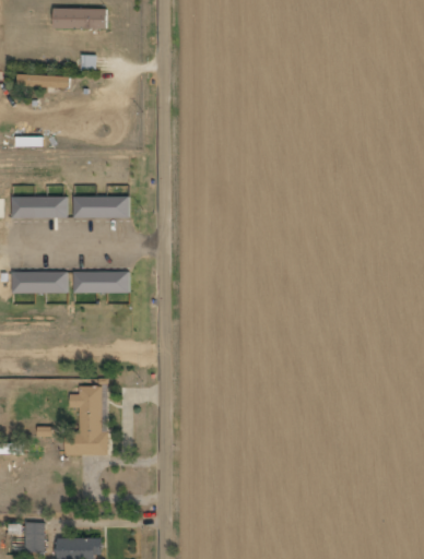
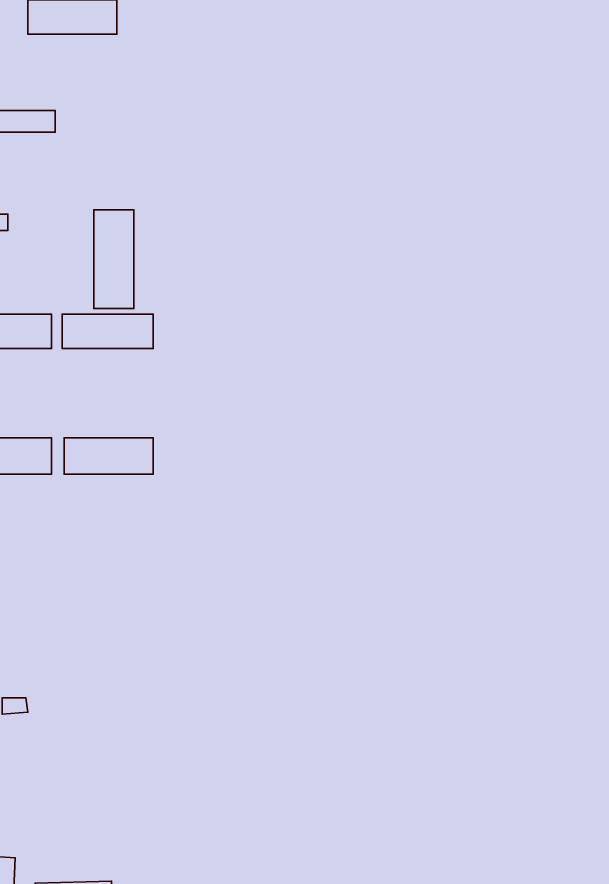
building: none -> [94,210,134,308]
building: [66,385,107,455] -> none

